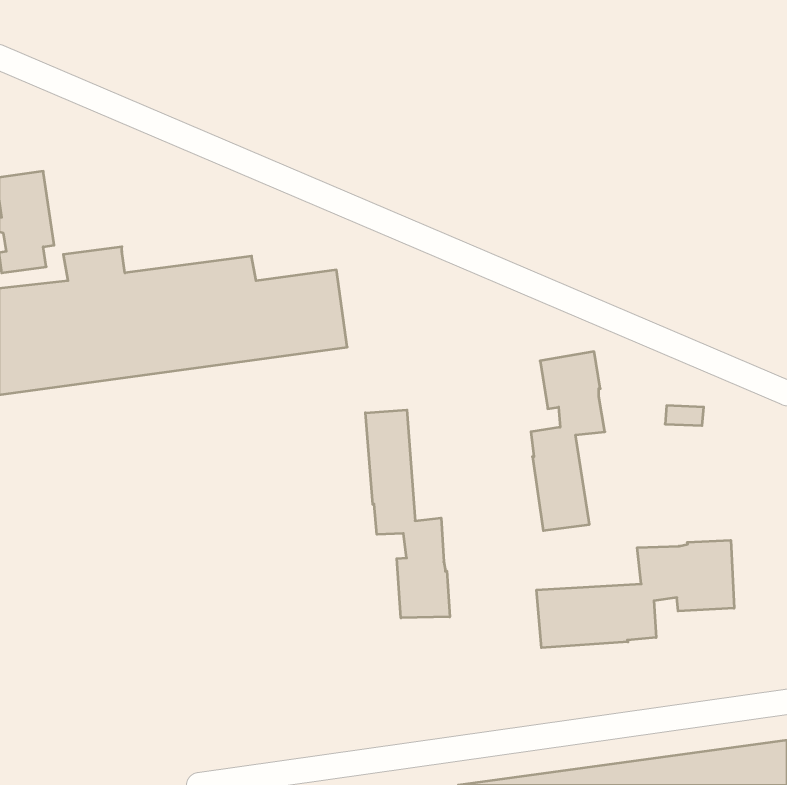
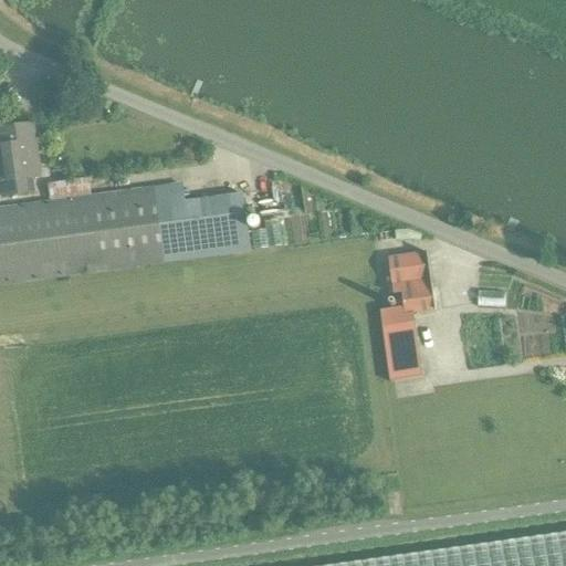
building: [365,410,450,618] -> none
building: [537,540,734,648] -> none

